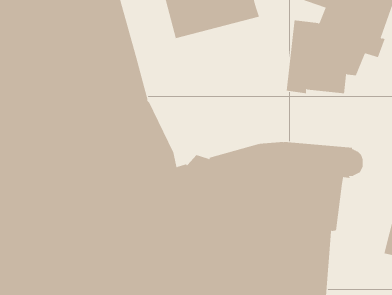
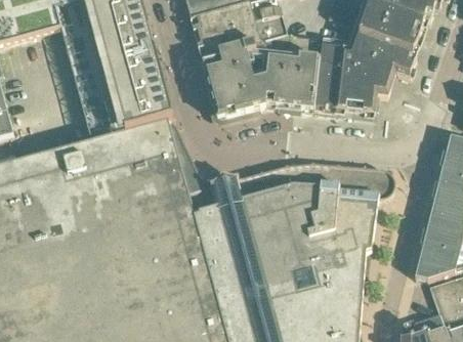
building: none -> [200,35,322,120]

